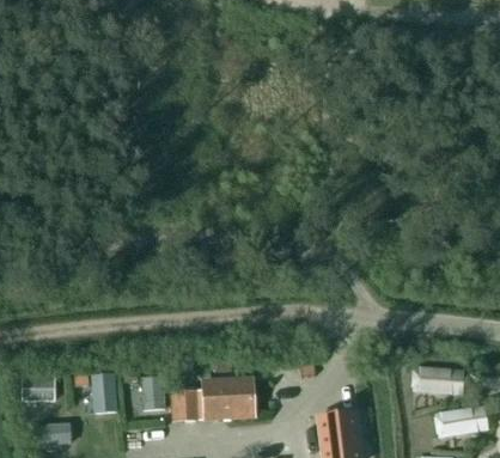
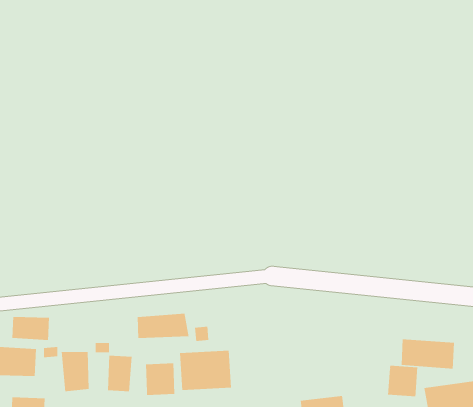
building: none -> [137,313,189,339]
building: none -> [12,316,50,341]
building: none -> [388,365,418,397]

